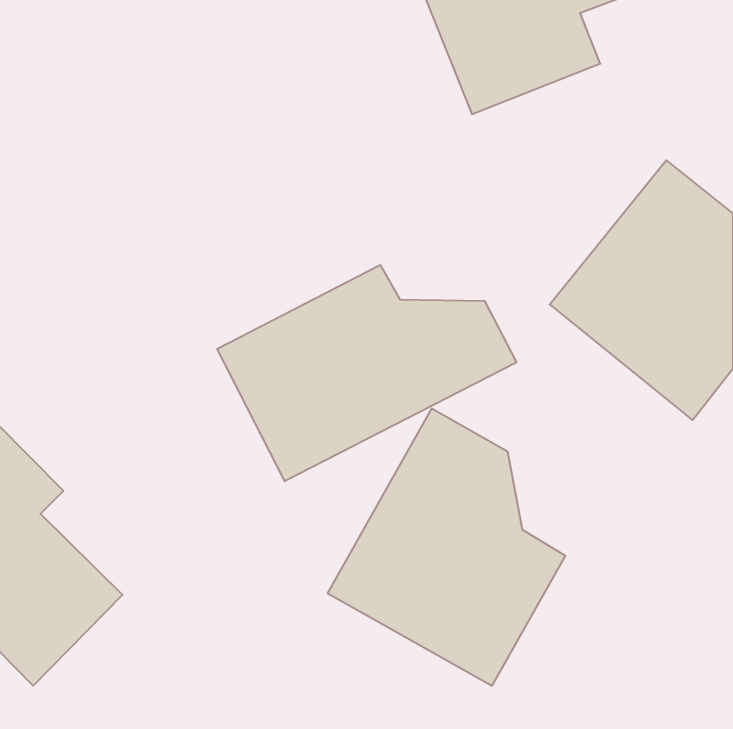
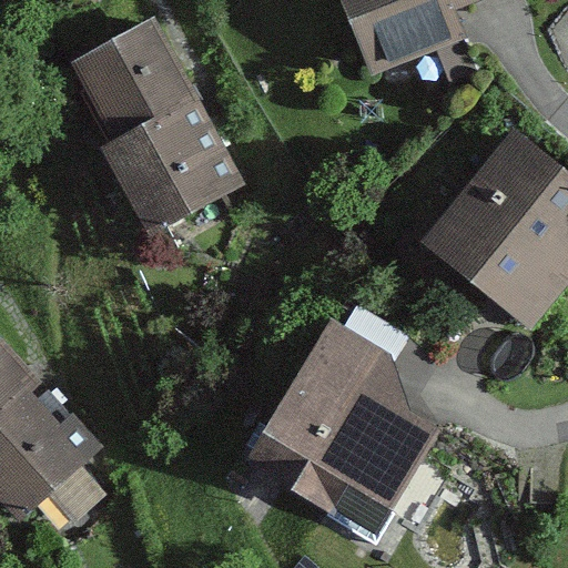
building: none -> [70,21,244,236]
building: [217,265,516,481] -> none

